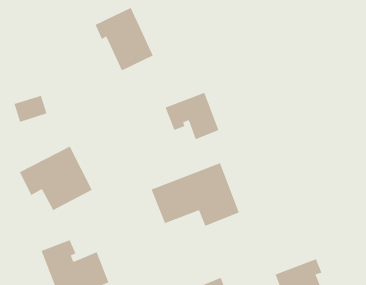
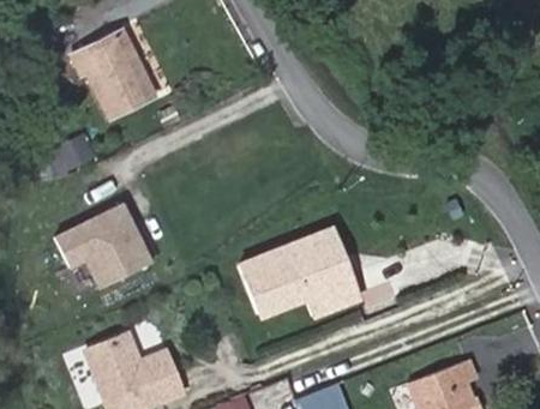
building: [95,7,154,72] -> [71,29,152,118]
building: [165,92,220,140] -> none

